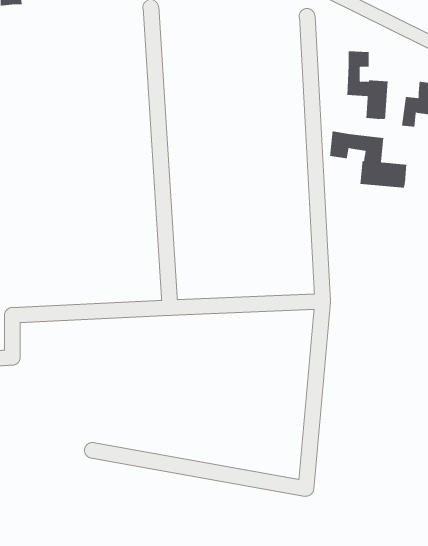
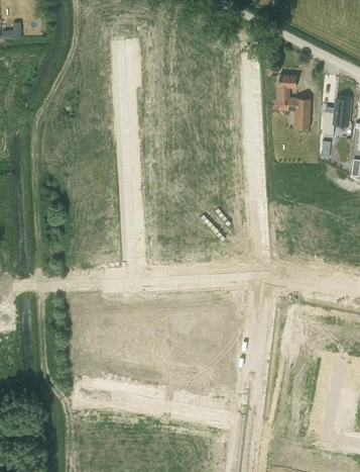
building: [330,131,407,189] -> none

